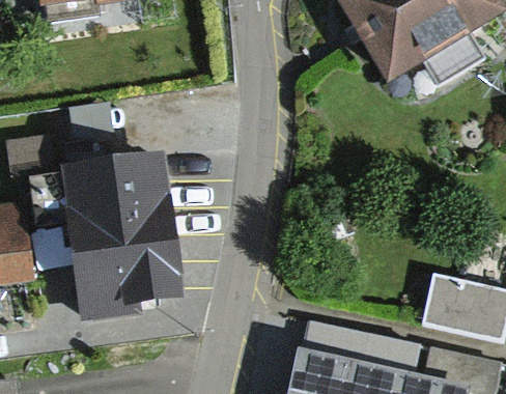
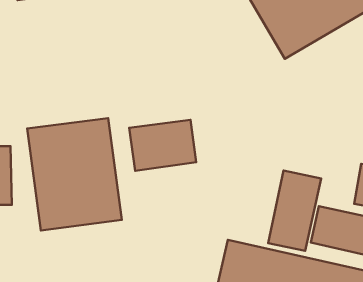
building: none -> [129,120,196,171]
building: none -> [268,170,321,251]

